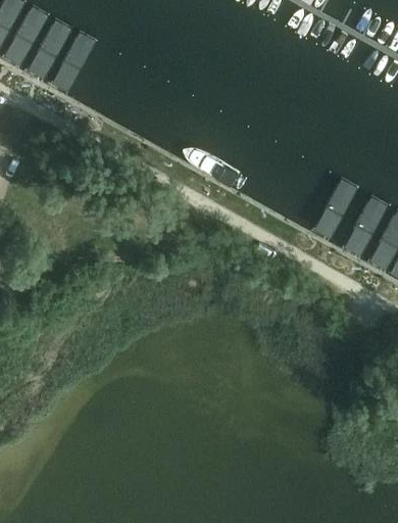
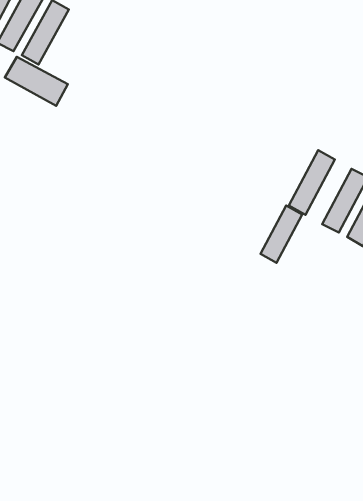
building: none -> [5,57,68,106]
building: none -> [260,205,302,263]

